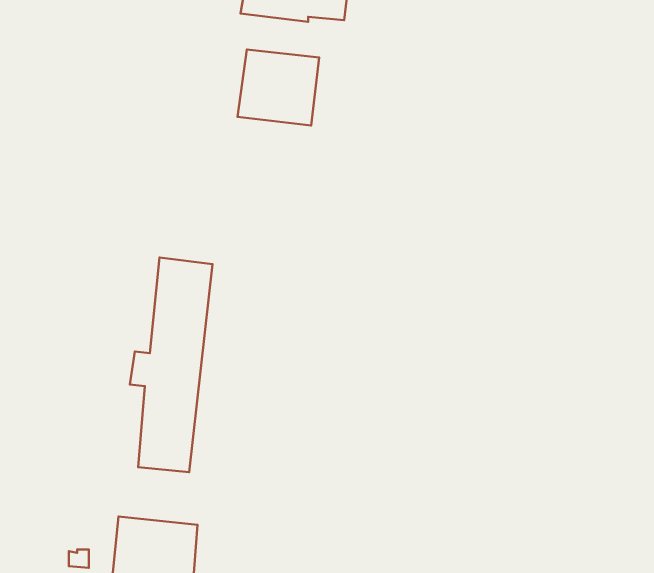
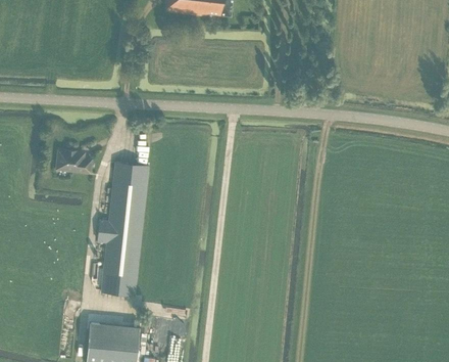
building: [238,49,319,125] -> none
building: none -> [54,149,89,171]

